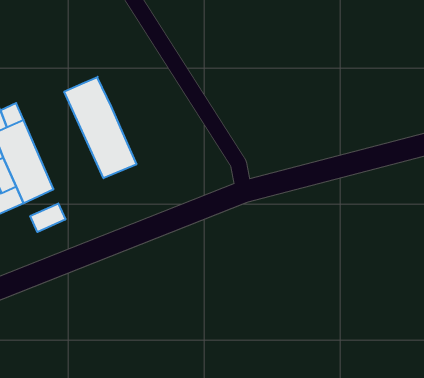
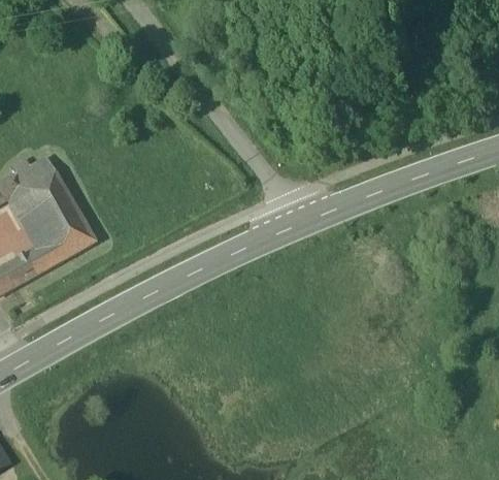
building: [64,77,136,178] -> none
building: [30,203,65,232] -> none

